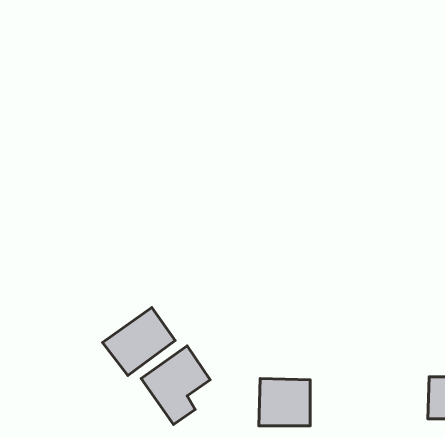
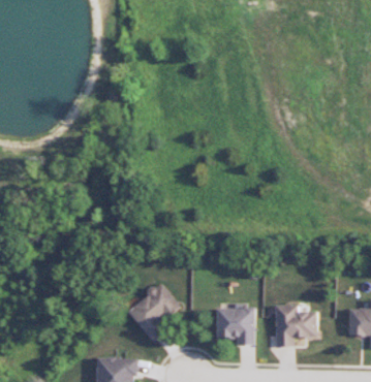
building: [102,308,175,375] -> none
building: none -> [274,306,317,346]

